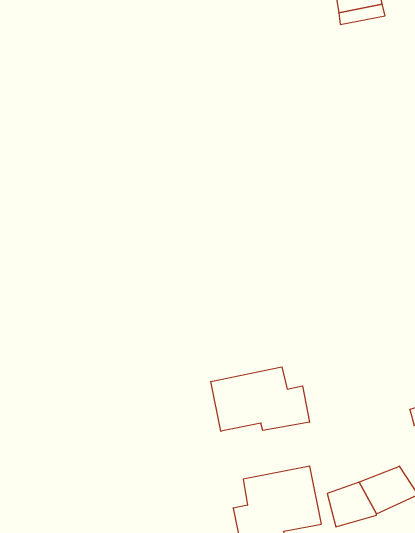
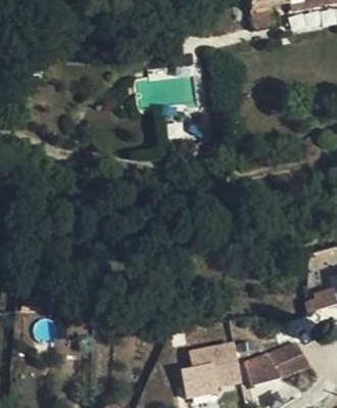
building: [211,367,310,431] -> none

